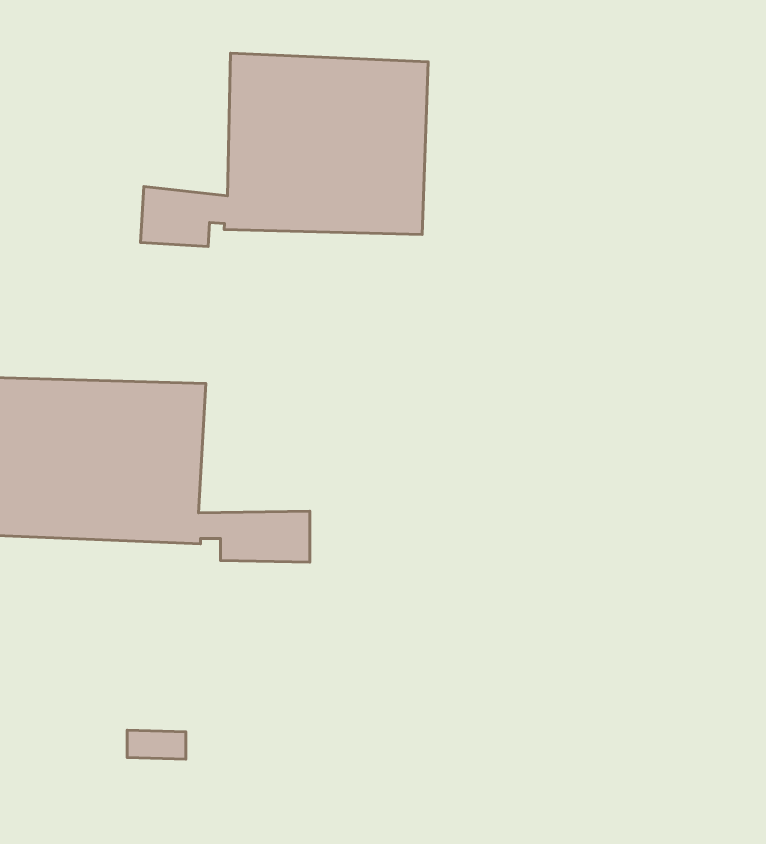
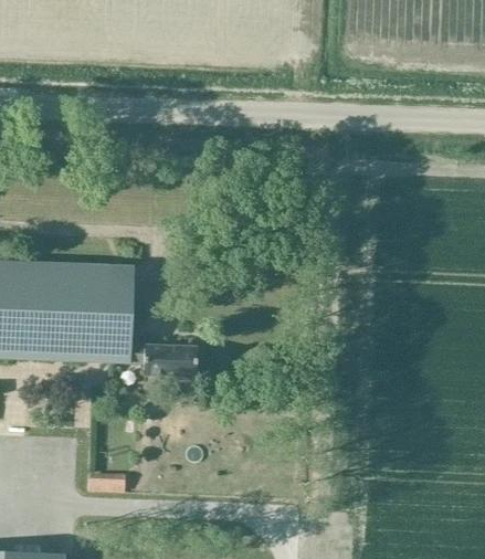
building: [140,53,428,246] -> none

